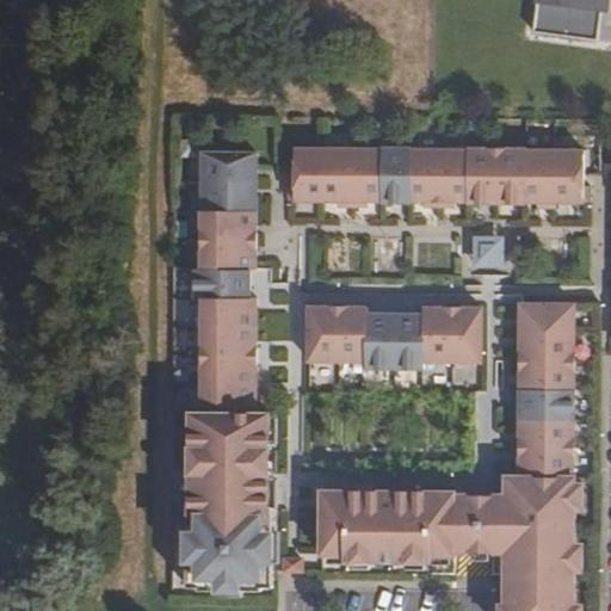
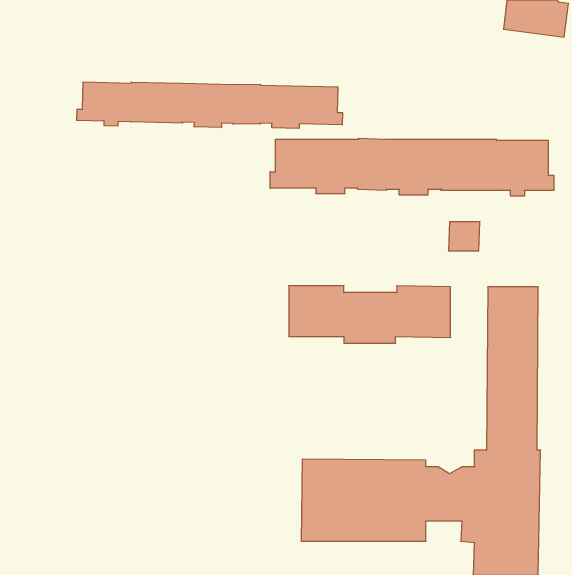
building: none -> [77,82,343,128]
building: [184,155,271,591] -> none

